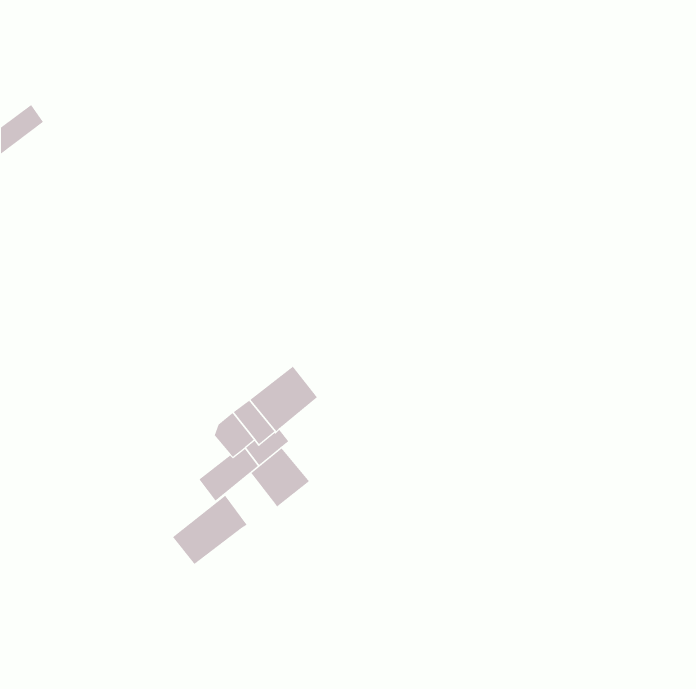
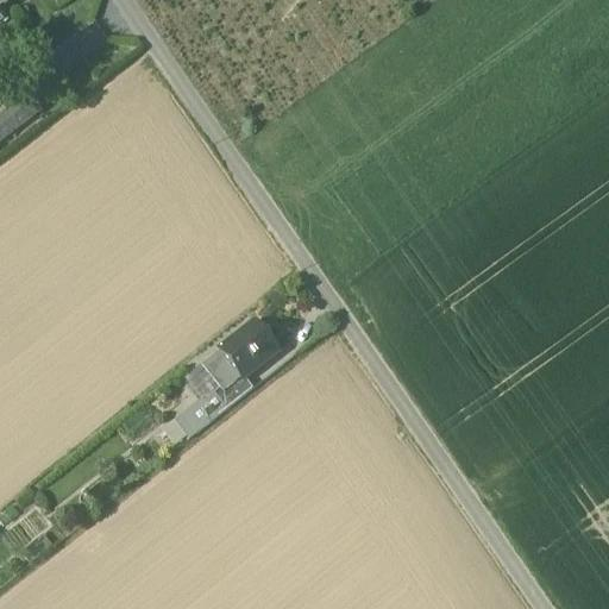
building: [251,447,310,508] -> none
building: [172,495,248,565] -> none

